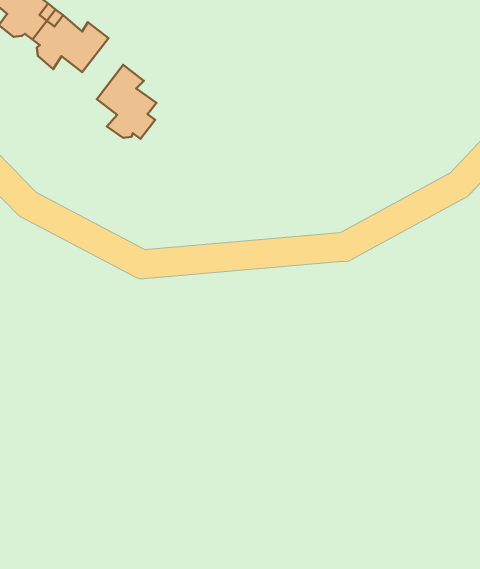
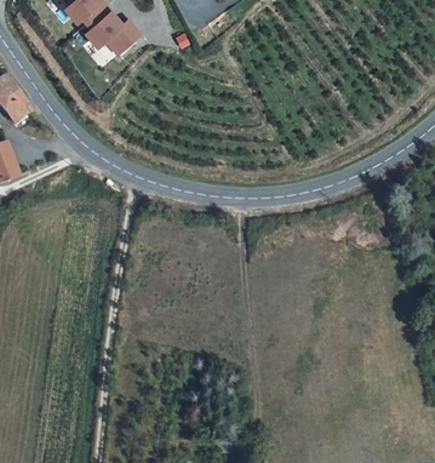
building: [97,65,156,139] -> none

